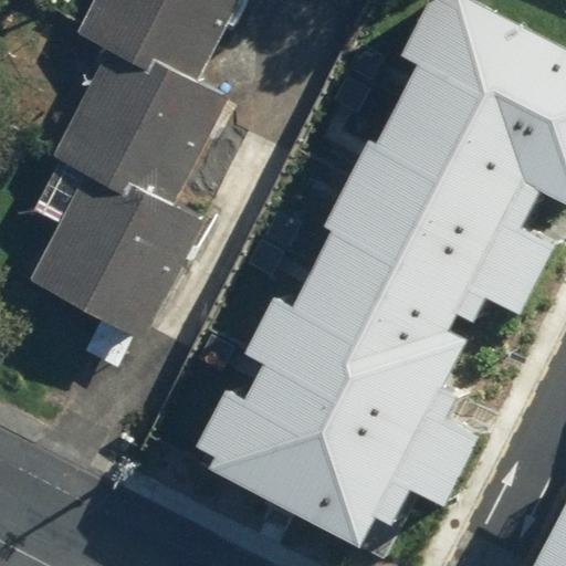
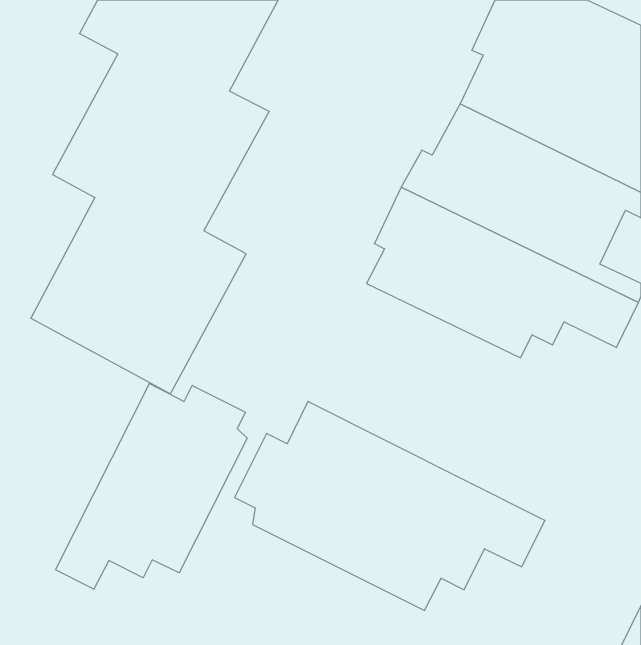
building: [248,253,483,458] -> none
building: none -> [56,383,247,589]

